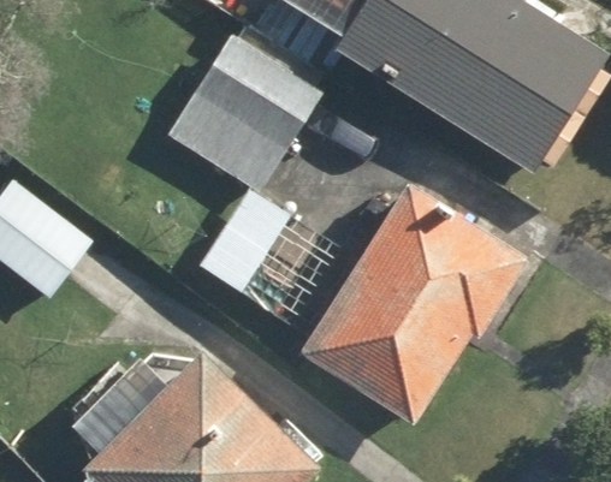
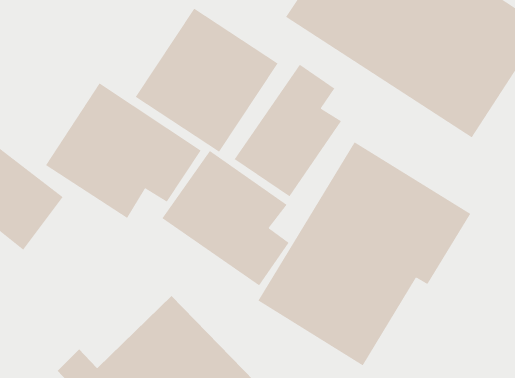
building: none -> [234,64,342,197]
building: none -> [45,82,202,219]

